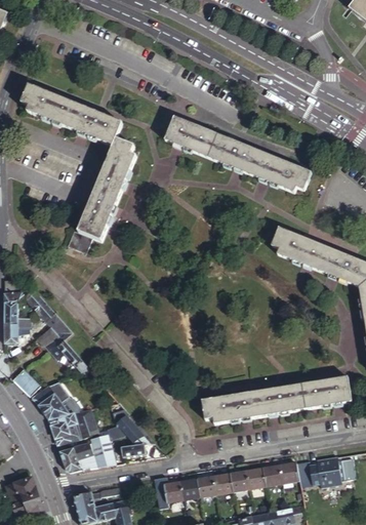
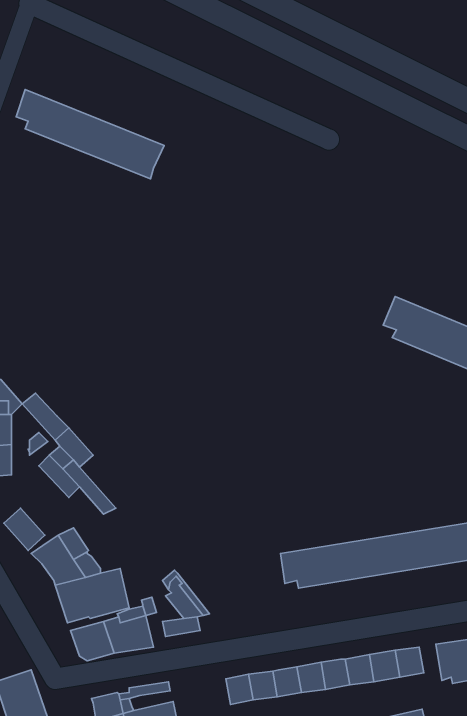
building: [165,116,311,190] -> none
building: [68,137,136,253] -> none

